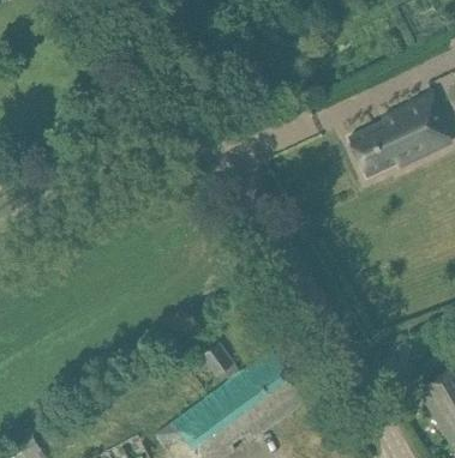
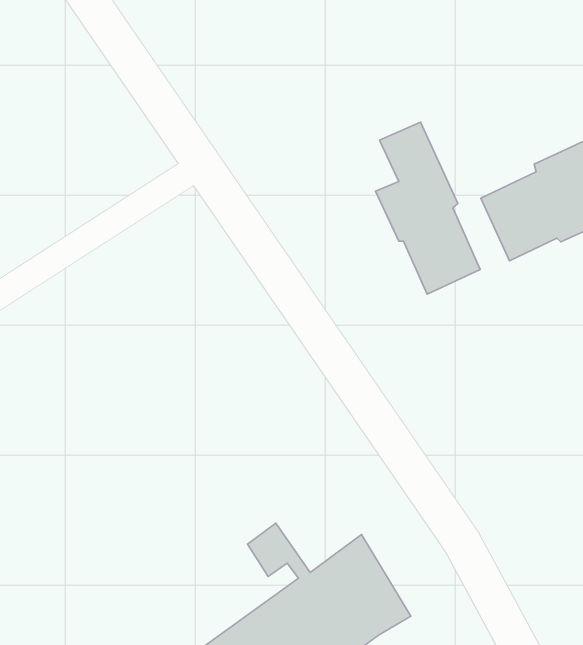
building: none -> [376,122,480,294]

